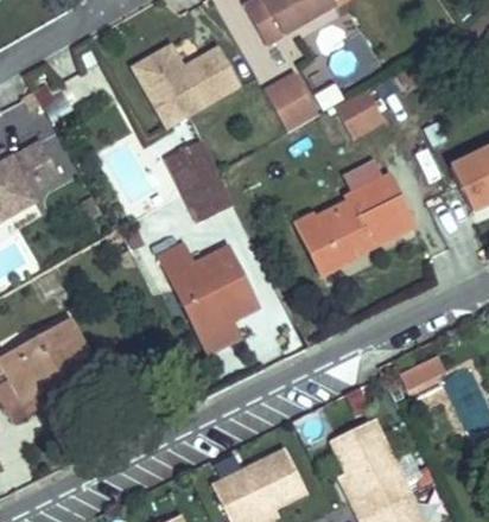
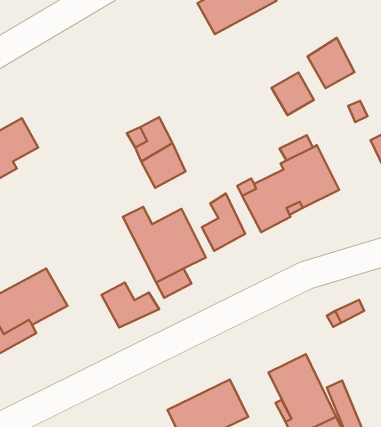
building: [133,44,237,121] -> none
building: none -> [308,38,354,88]
building: [263,72,318,132] -> none
building: none -> [202,193,245,251]
building: none -> [101,283,159,328]

